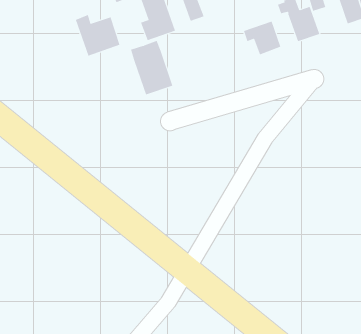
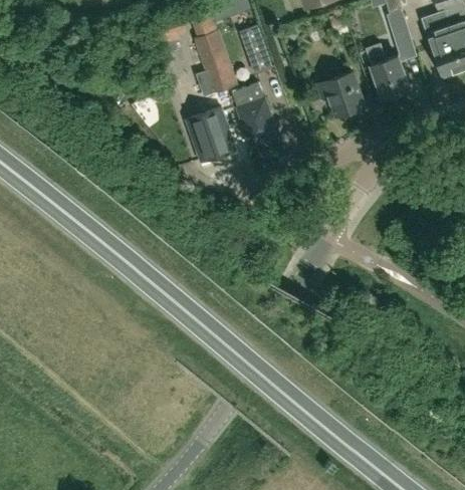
building: [75,14,120,56] -> none
building: none -> [232,83,277,144]

